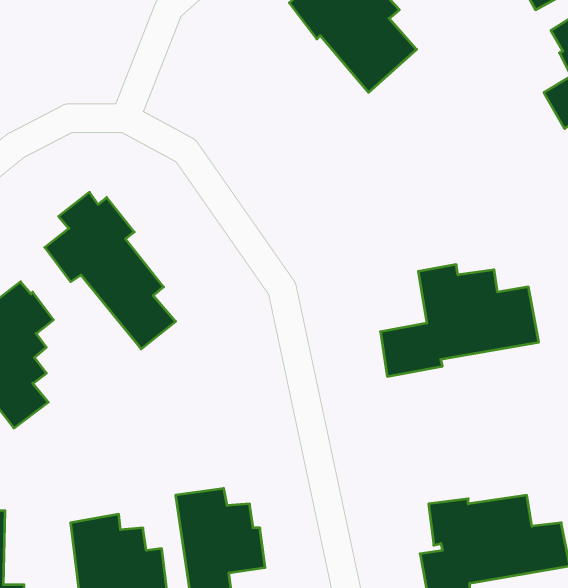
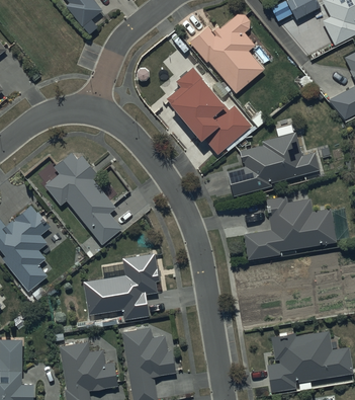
building: none -> [166,68,250,155]
building: none -> [226,133,319,196]
building: none -> [84,253,159,321]

